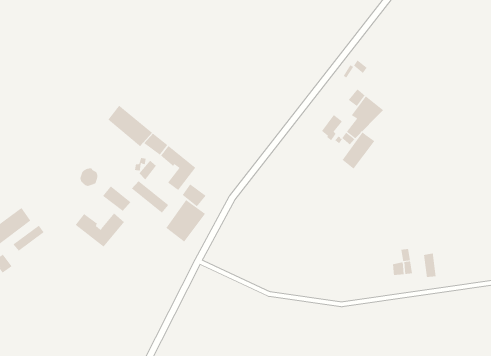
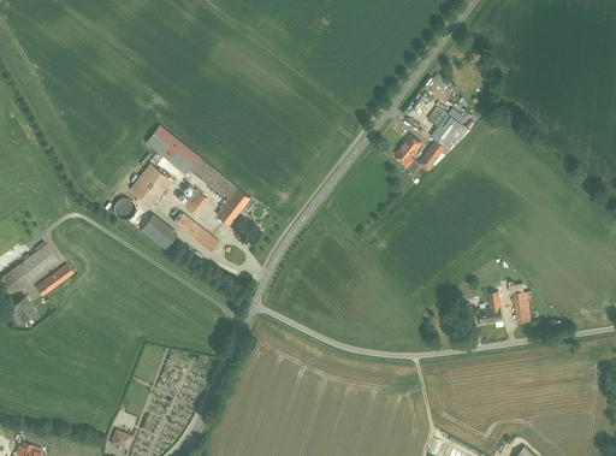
building: [342,132,375,170] -> none
building: none -> [129,165,170,206]
building: [166,199,206,242] -> none
building: [75,212,125,248] -> none

